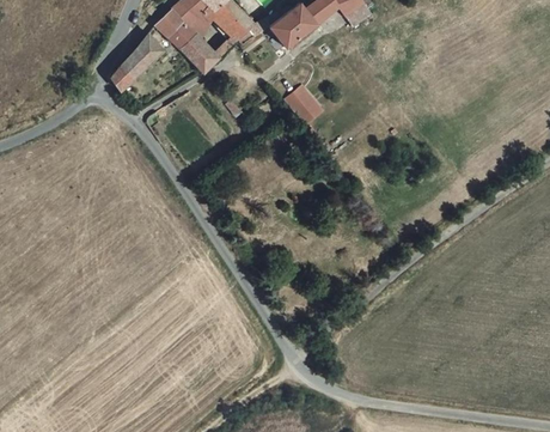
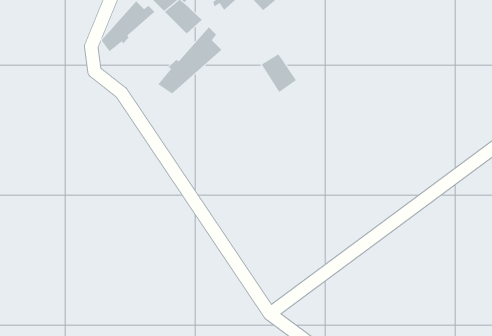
building: none -> [158,26,222,94]

